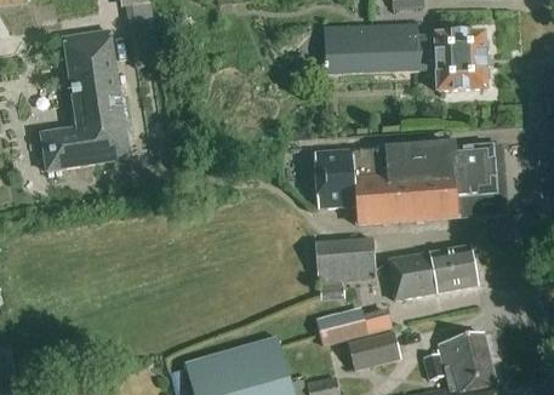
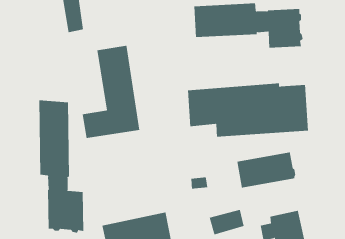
building: [41,30,128,170] -> [82,45,140,138]
building: none -> [39,100,84,234]
building: [315,237,376,280] -> none
building: [316,309,366,348] -> none

